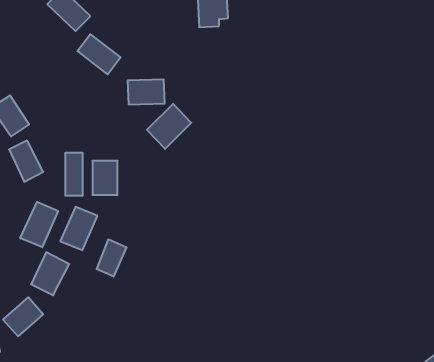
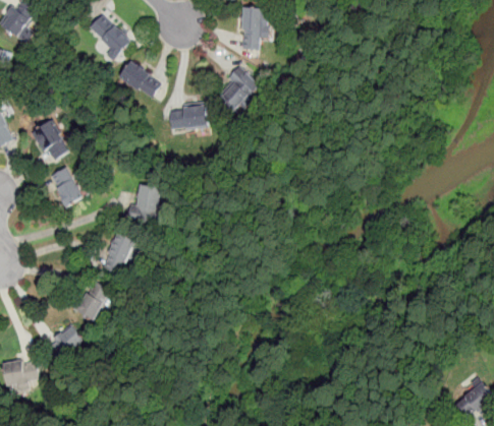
building: [147,104,191,149] -> [215,68,260,114]
building: [65,153,82,196] -> none
building: [20,202,58,247] -> none
building: [97,239,127,277] -> none

